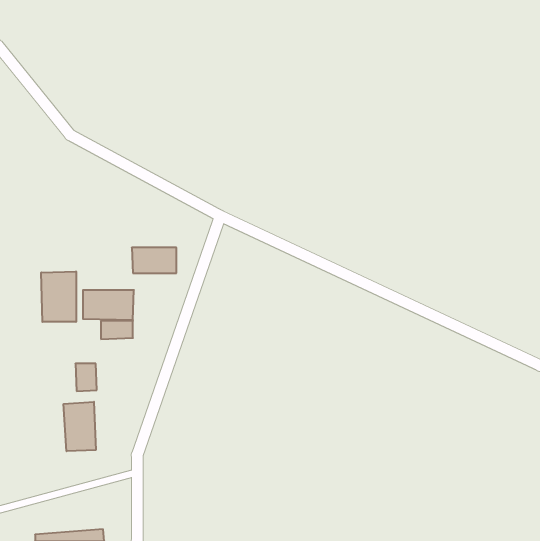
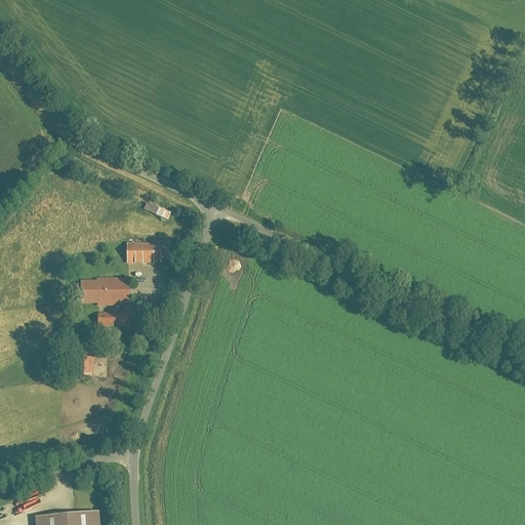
building: [41,271,76,322] -> none
building: [64,402,96,451] -> none

